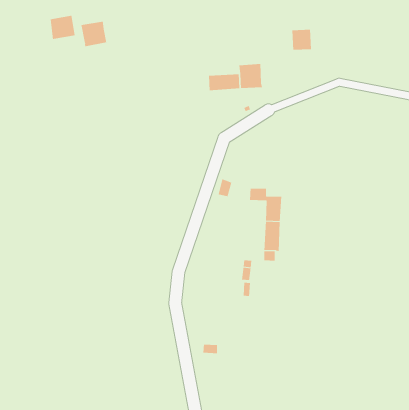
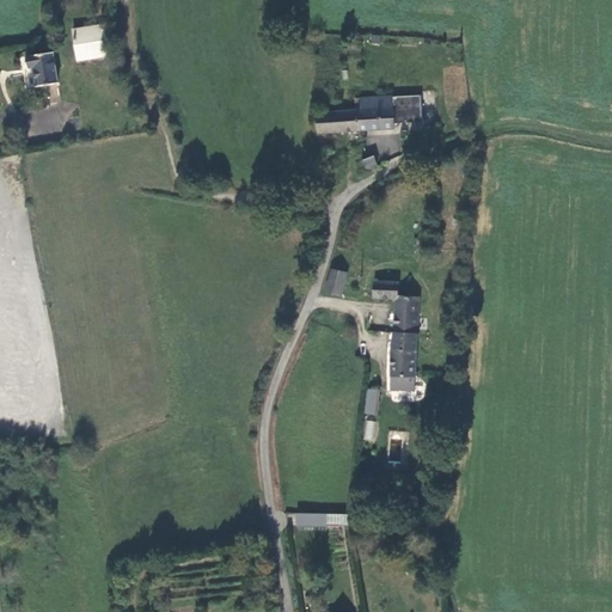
building: [81,21,107,47] -> none
building: [292,29,312,50] -> [388,94,418,126]
building: none -> [23,53,57,90]

